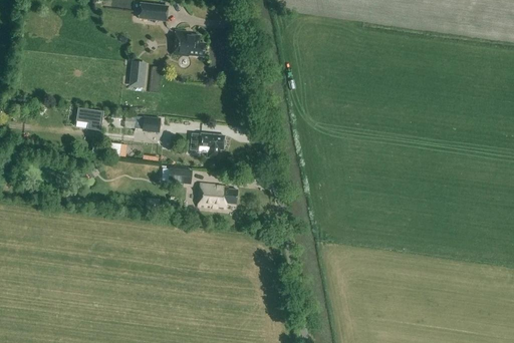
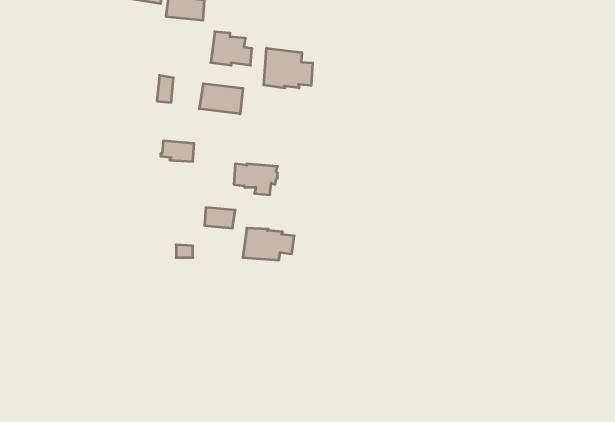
building: none -> [264,48,313,88]
building: none -> [199,84,243,114]
building: [77,107,103,128] -> none

